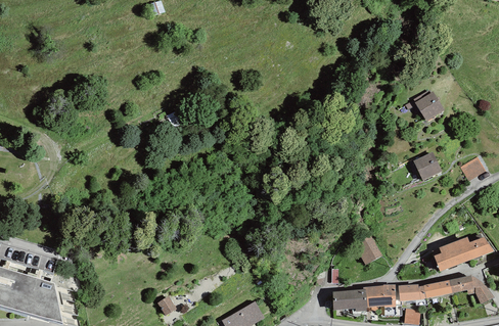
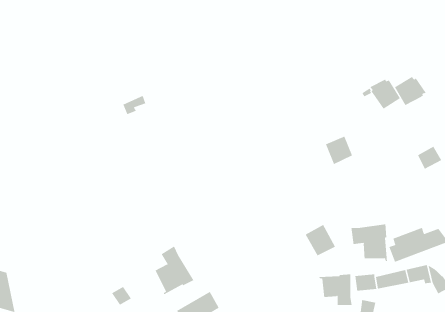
building: none -> [394,76,426,106]
building: [414,151,442,180] -> [325,136,353,165]
building: none -> [351,224,388,262]
building: none -> [155,245,194,295]
building: [333,288,368,311] -> none

